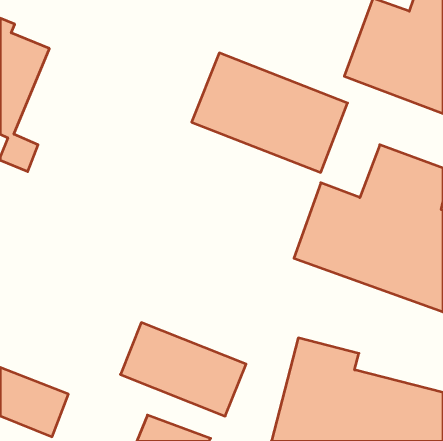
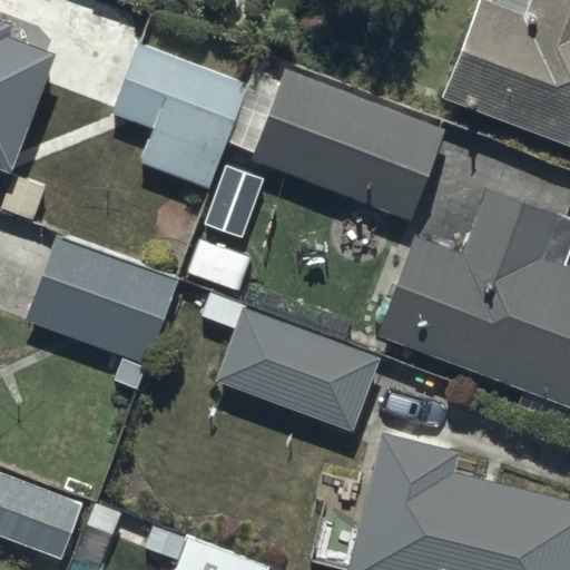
building: none -> [112,43,253,191]
building: none -> [27,235,180,366]
building: [120,323,246,416] -> [218,308,380,429]

